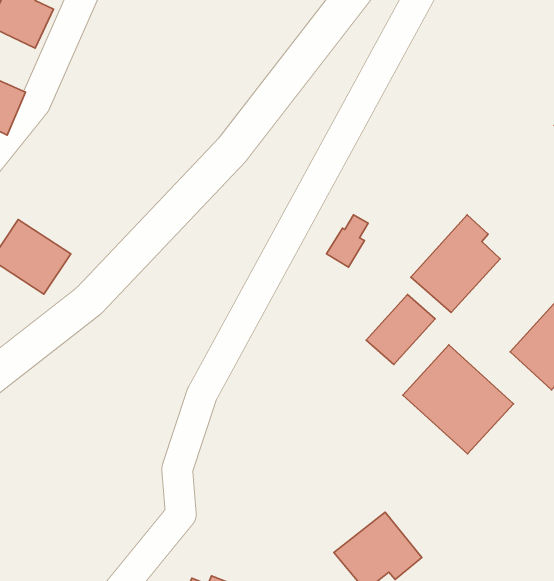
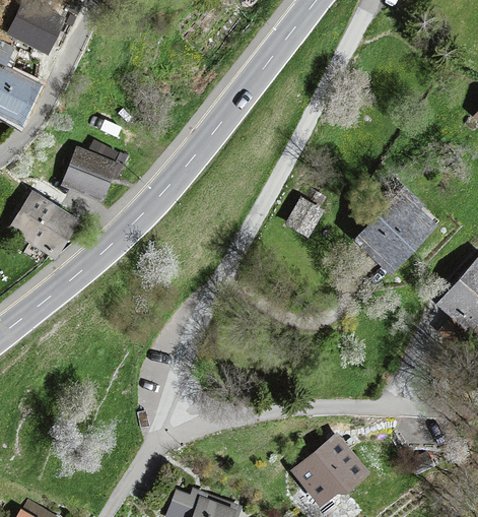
building: none -> [63,142,125,198]
building: [366,294,435,365] -> none
building: [403,345,513,454] -> none

